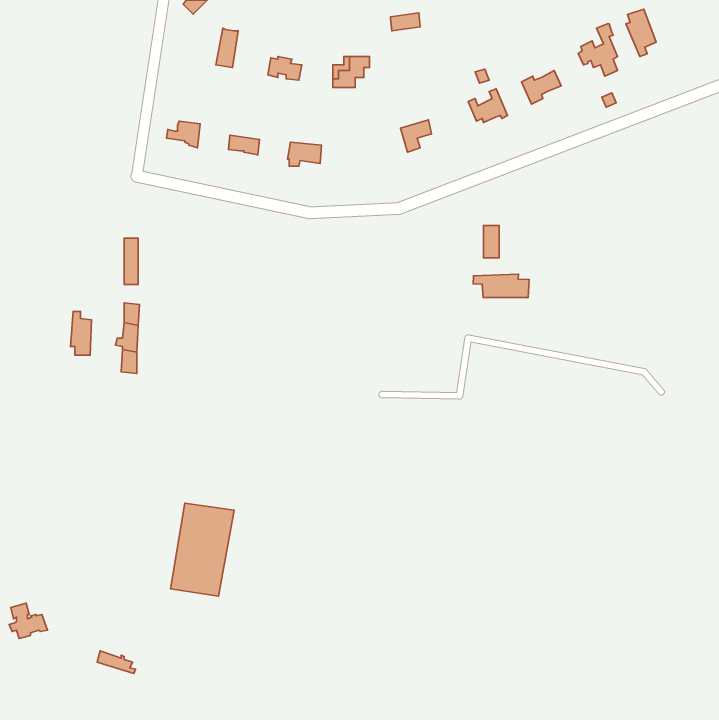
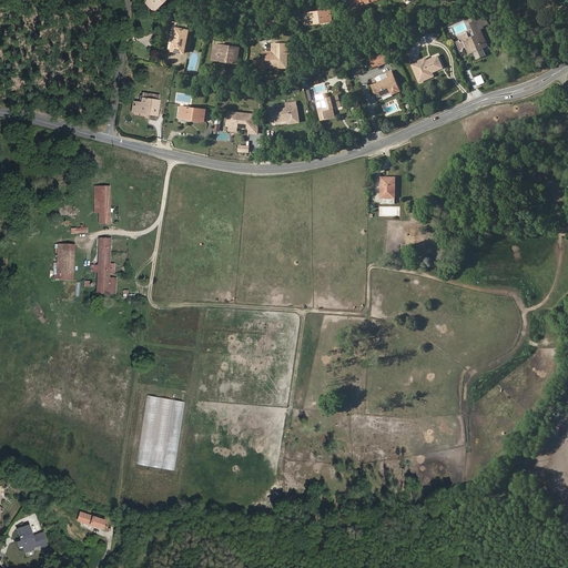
building: [626,9,656,56] -> none
building: none -> [266,102,297,123]
building: [473,274,529,297] -> none
building: [9,603,47,638] -> [14,527,44,555]

